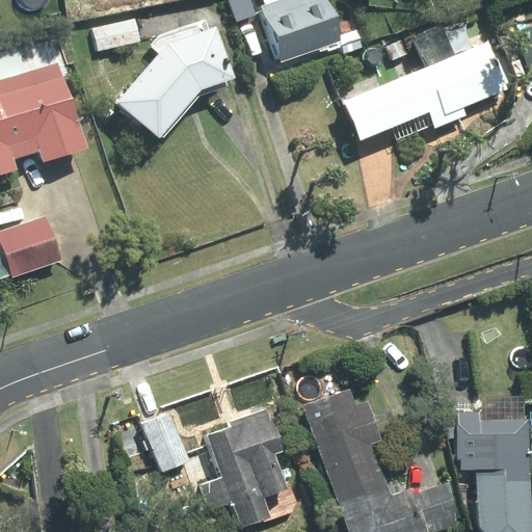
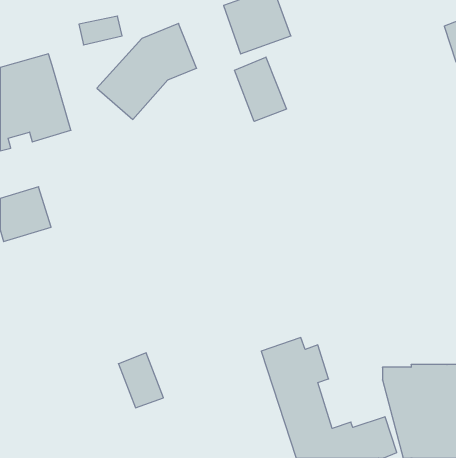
building: [341,12,521,140] -> none
building: none -> [235,57,286,121]
building: [197,406,288,526] -> none

